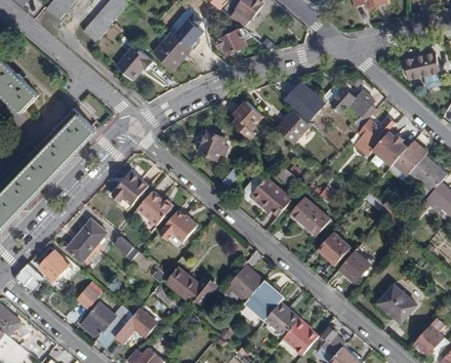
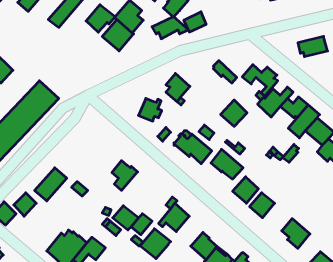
building: none -> [184,12,206,32]
building: [115,44,152,79] -> [86,5,115,32]
building: [276,110,310,144] -> [221,100,247,126]
building: [109,164,147,210] -> none
building: [131,191,170,230] -> none
building: [73,280,102,309] -> none
building: [244,281,283,319] -> [140,229,171,259]

